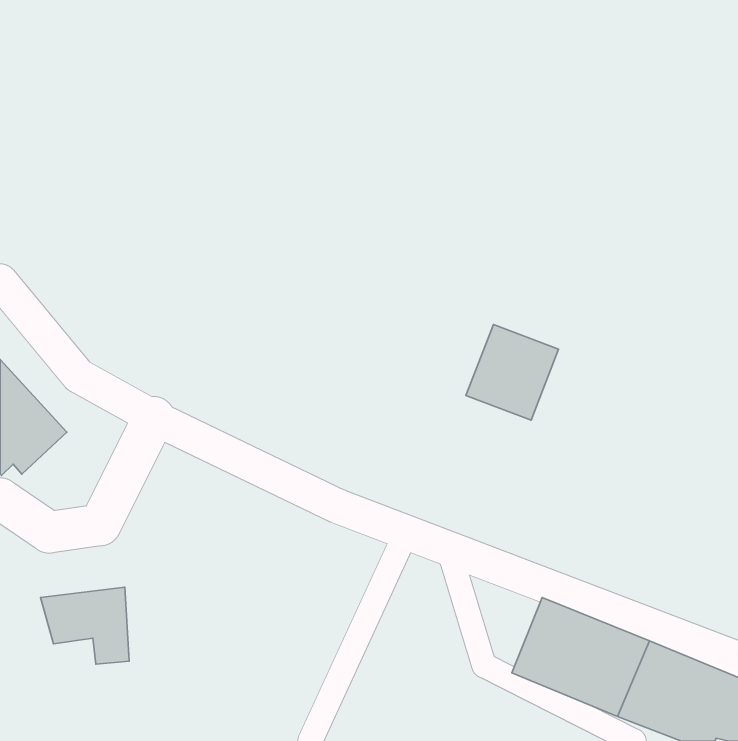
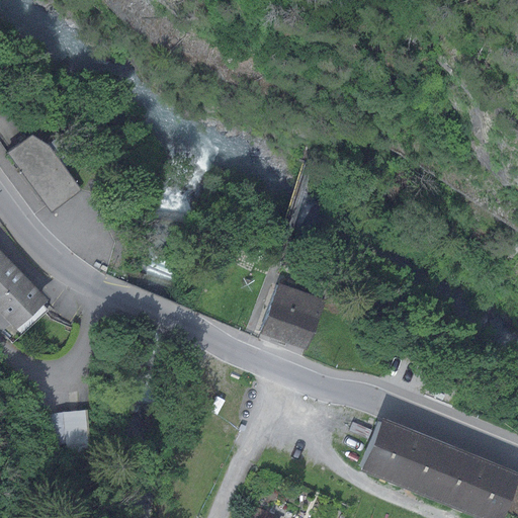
building: none -> [8,135,84,213]
building: [466,324,559,420] -> [258,282,323,349]

